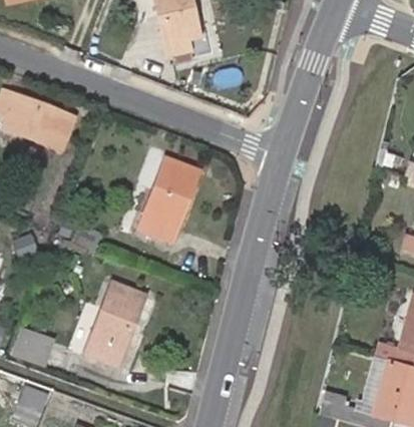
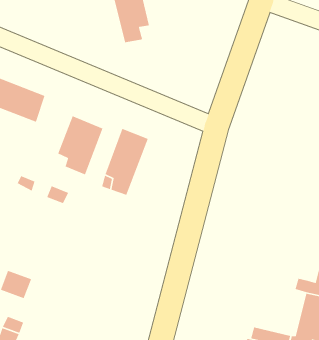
building: none -> [57,115,103,175]
building: [89,283,143,367] -> none

